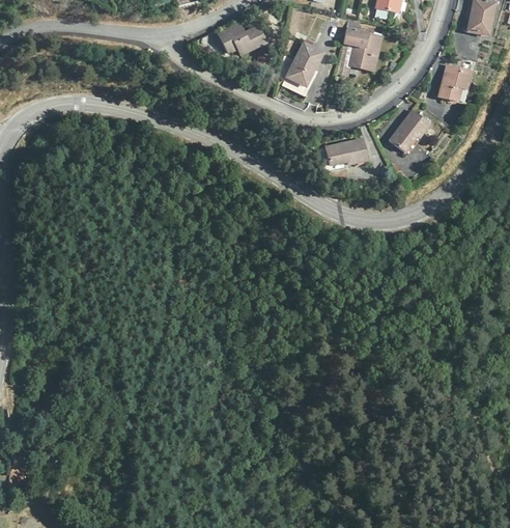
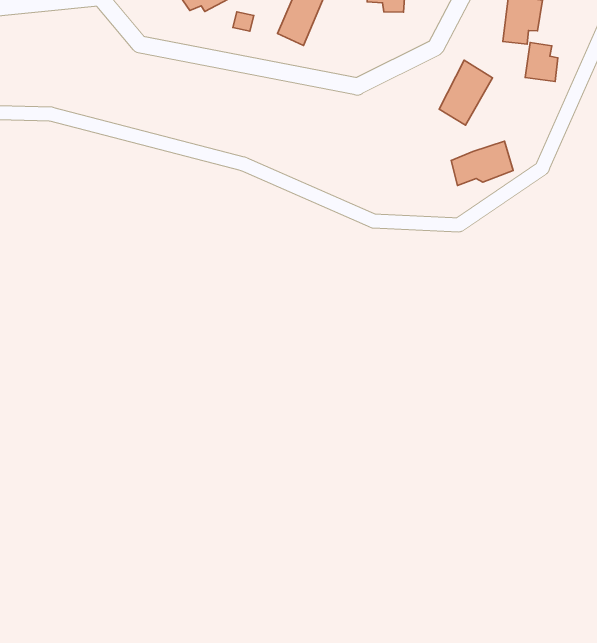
building: none -> [525,43,558,82]
building: [327,140,368,166] -> [451,141,513,185]

